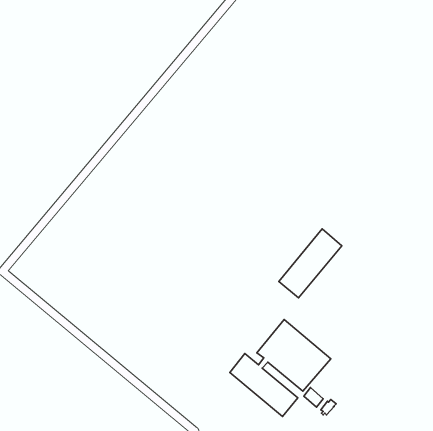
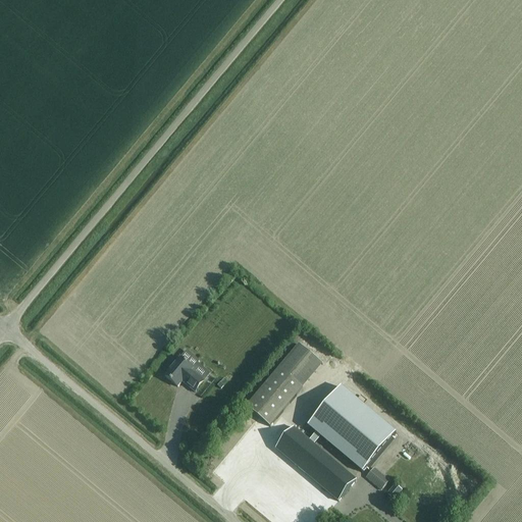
building: [279,229,342,298] -> [245,342,320,424]
building: none -> [163,355,202,389]

